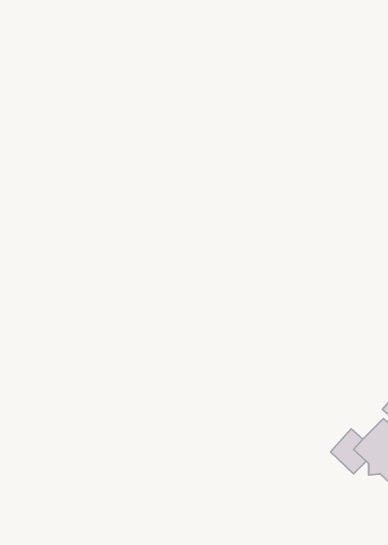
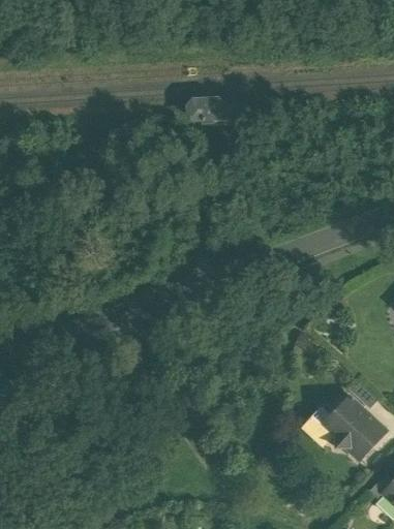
building: none -> [187,97,229,122]

